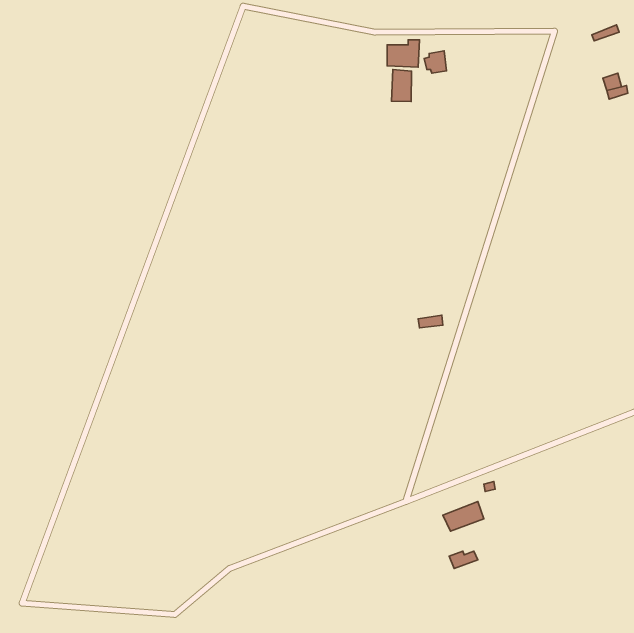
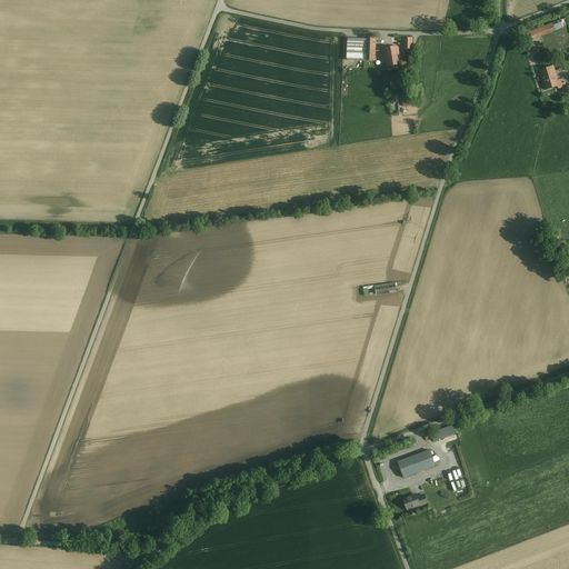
building: [391,70,412,102] -> none

